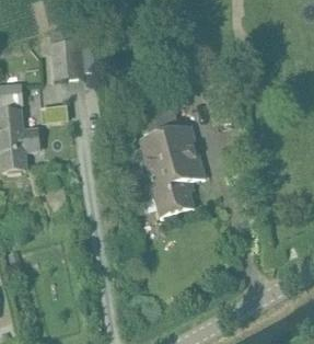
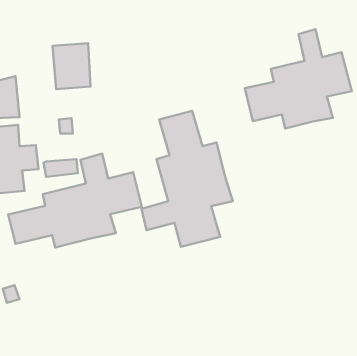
building: none -> [245,29,352,129]
building: none -> [8,154,142,247]

